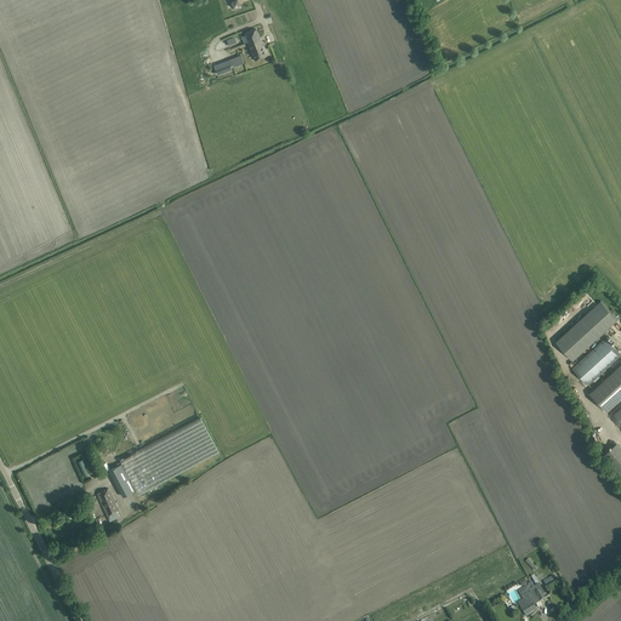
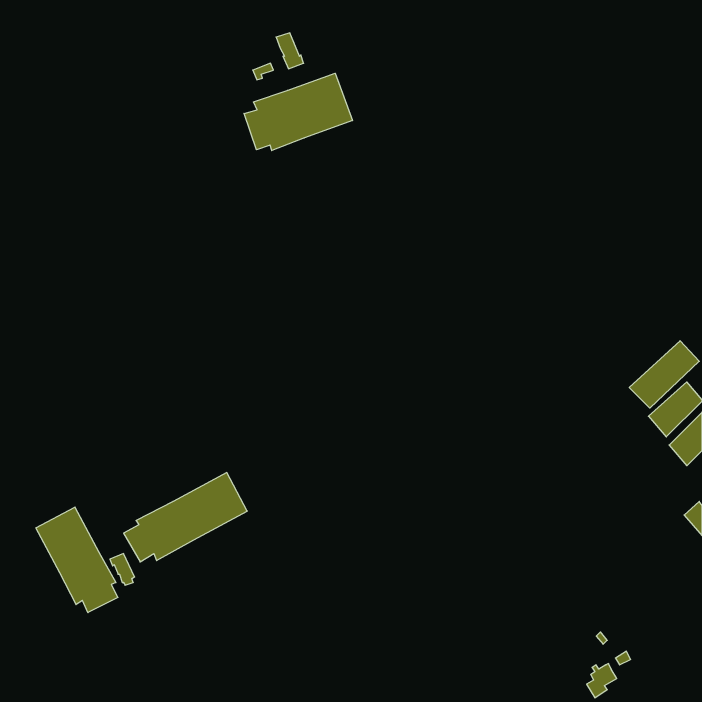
building: none -> [244,73,352,151]
building: none -> [36,507,118,613]

